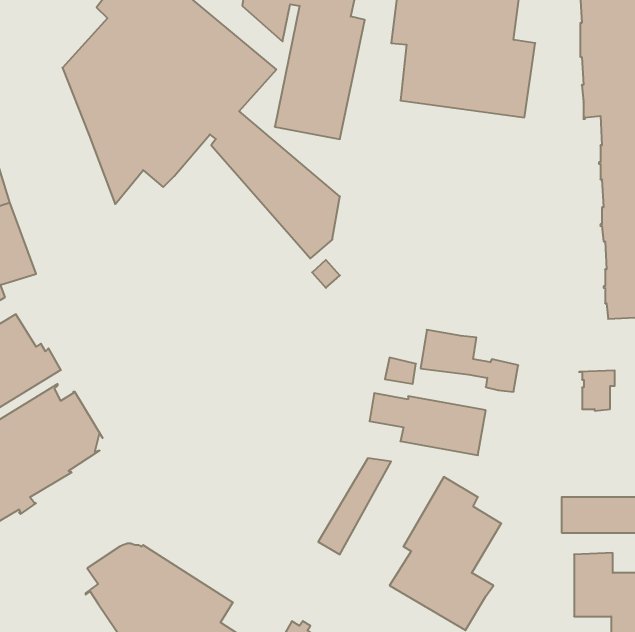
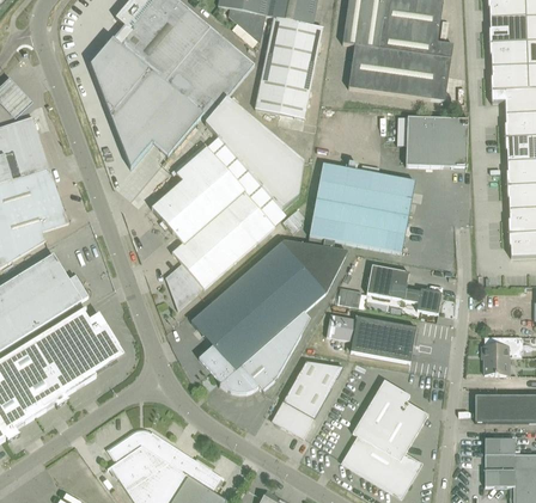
building: none -> [406,115,468,170]
building: none -> [152,147,275,309]
building: none -> [309,164,415,253]
building: none -> [191,240,348,393]
building: [579,370,615,411] -> [482,344,510,375]
building: none -> [272,361,325,429]

